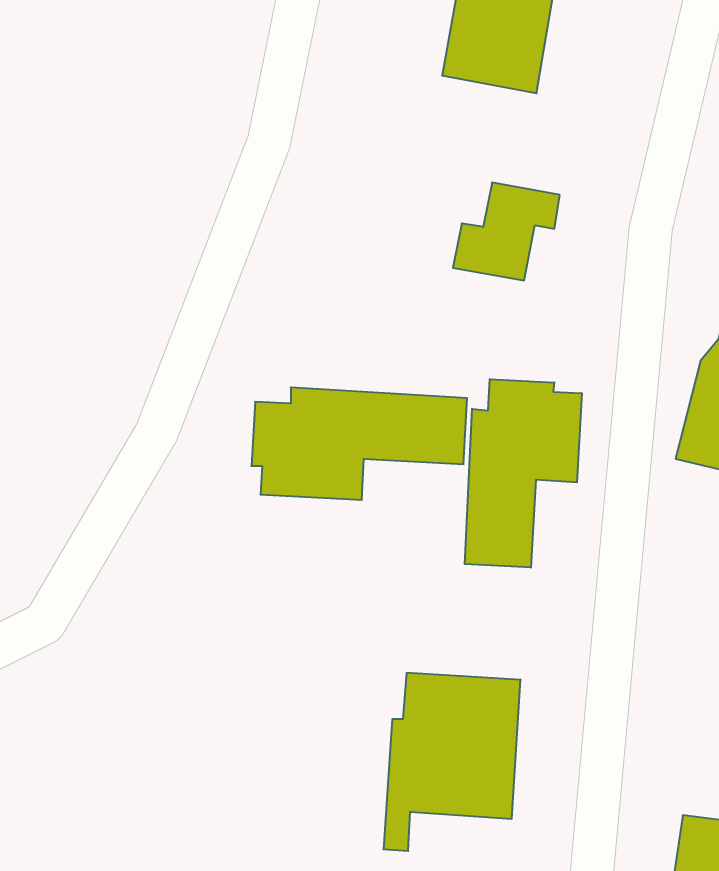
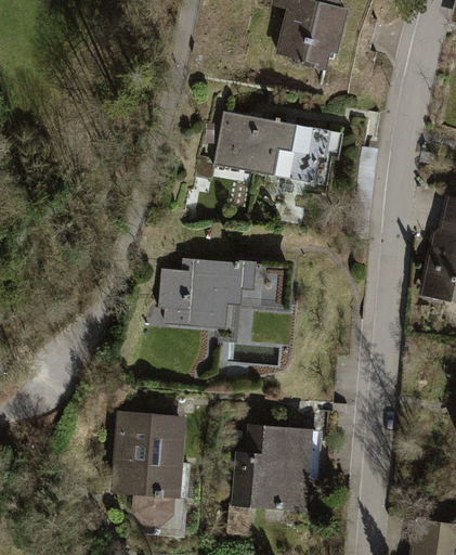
building: none -> [212,113,303,181]
building: [465,379,582,568] -> none
building: none -> [117,415,198,537]

